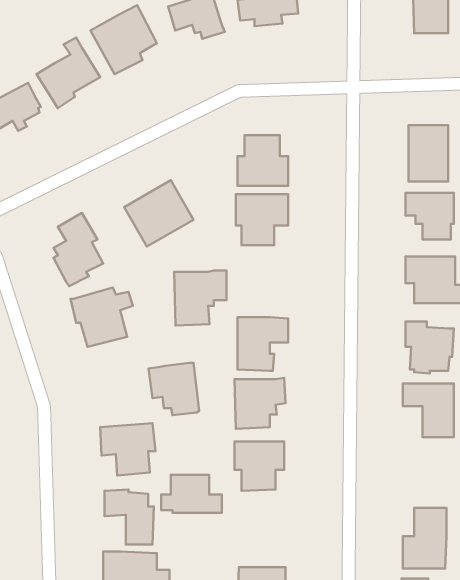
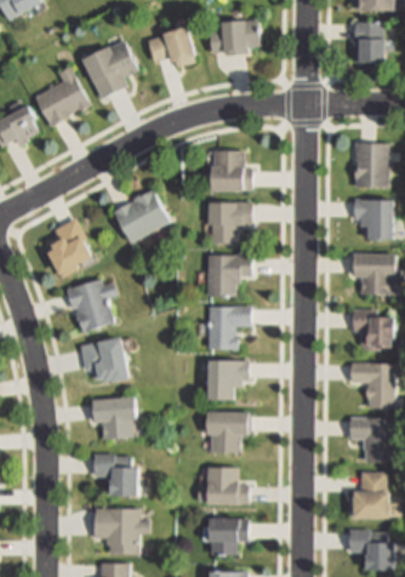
building: [174,270,226,325] -> [206,252,251,299]
building: [148,363,199,415] -> [80,339,124,384]
building: none -> [348,417,393,462]
building: [161,475,222,513] -> [196,467,249,499]

